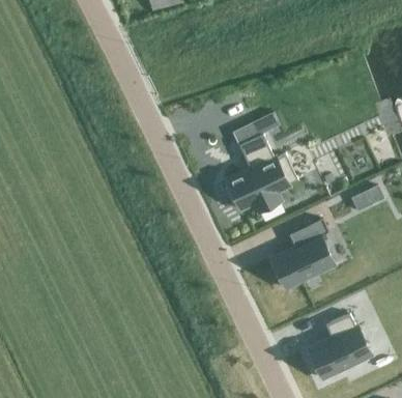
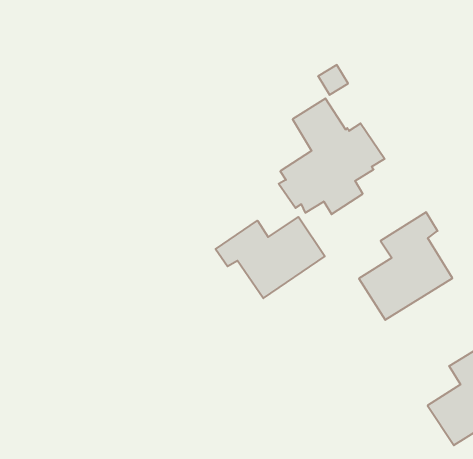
building: none -> [216,217,325,298]

